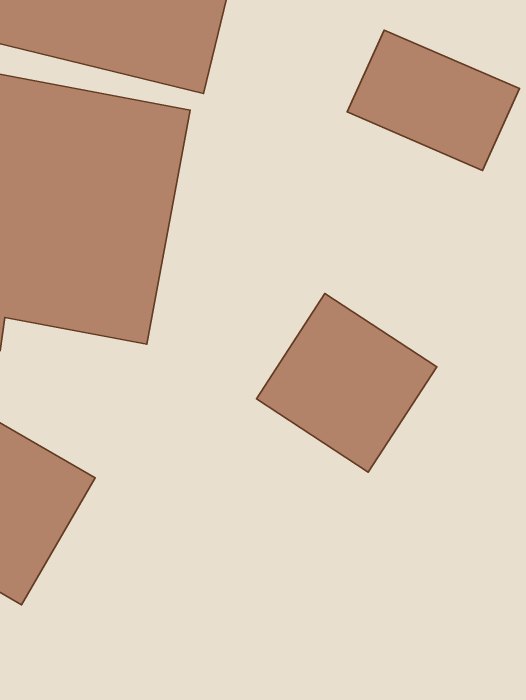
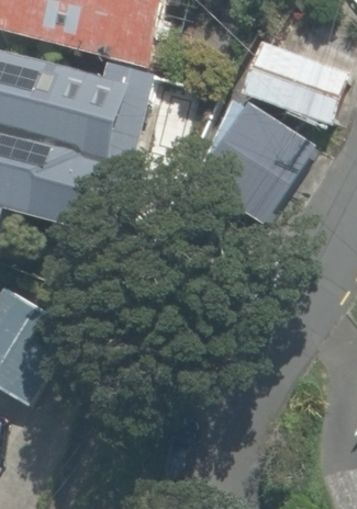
building: [256,293,437,472] -> [200,97,319,214]

